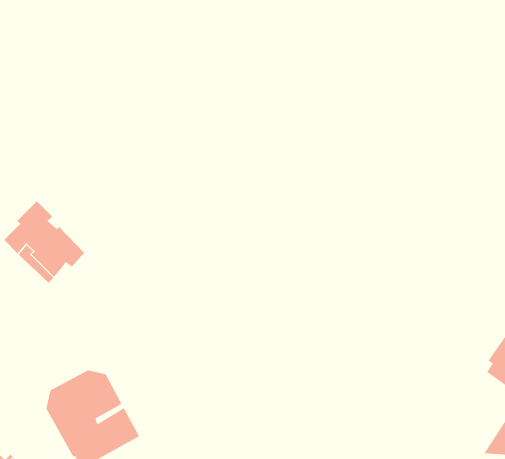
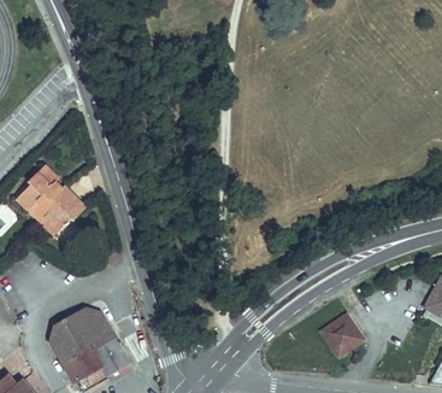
building: none -> [326,317,363,354]

